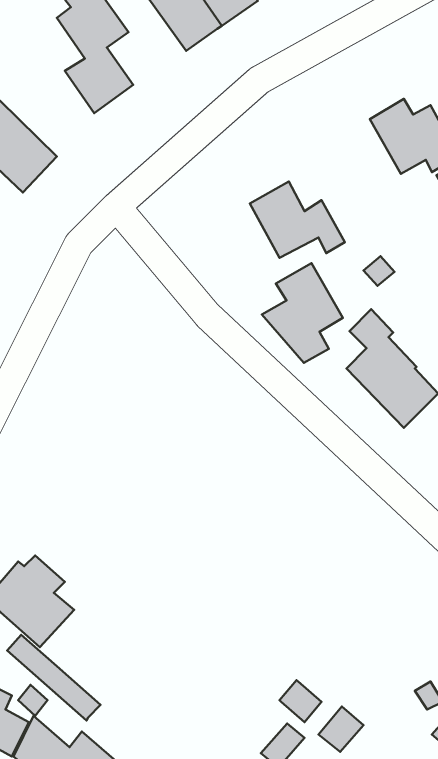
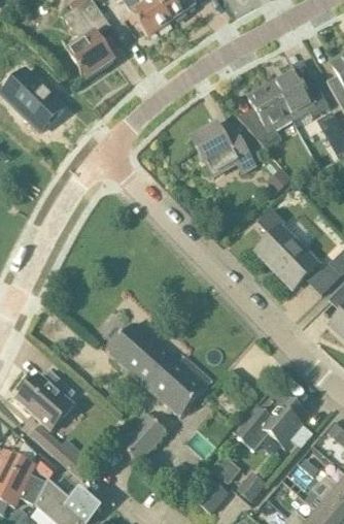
building: [262,263,343,363] -> [237,83,290,149]
building: none -> [106,321,212,417]
building: none -> [233,394,304,449]
building: none -> [116,412,166,462]

